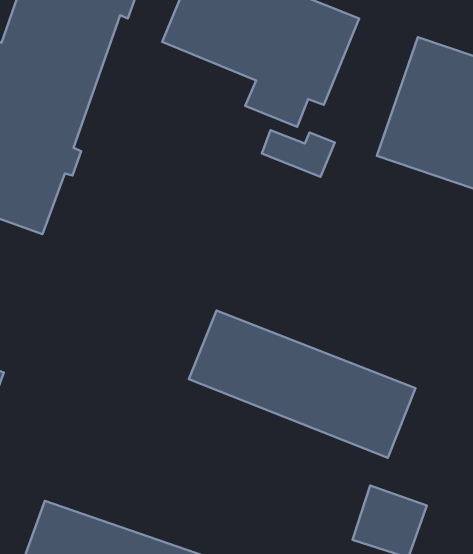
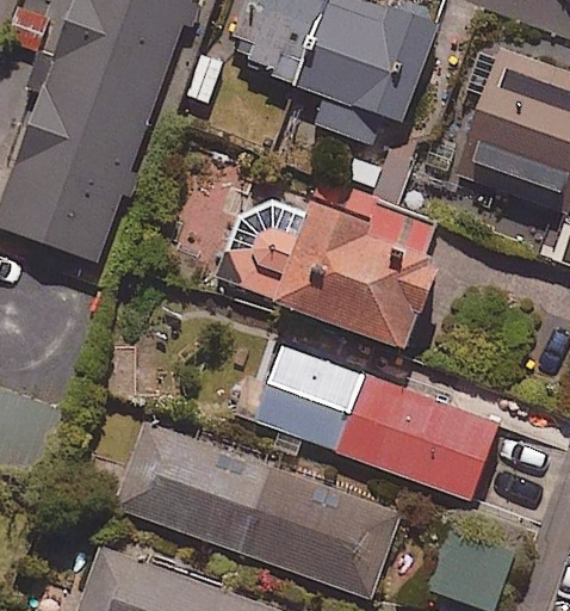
building: none -> [210,184,440,352]
building: none -> [114,420,398,598]

